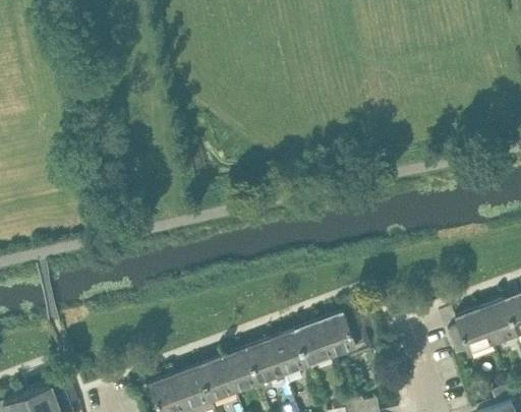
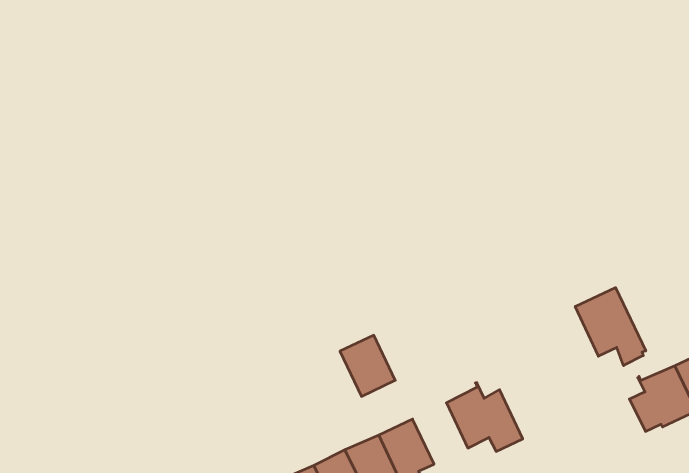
building: none -> [575,288,646,366]
building: [294,322,331,364] -> [340,335,395,396]

